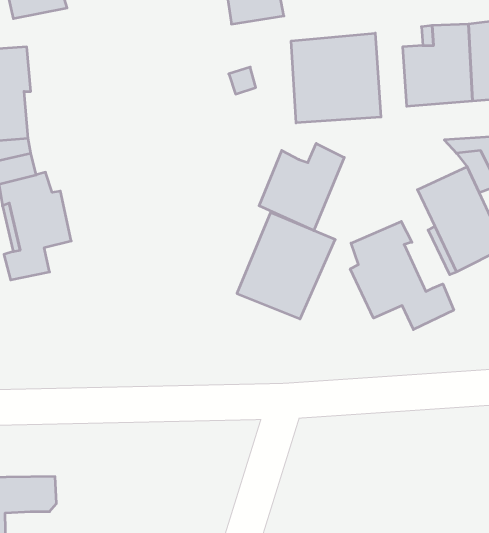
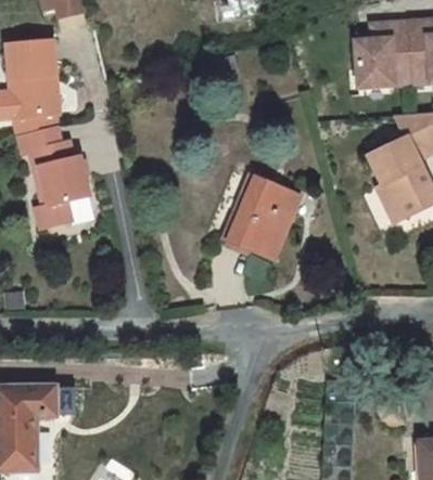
building: [291,33,381,123] -> none
building: [259,143,344,231] -> none
building: [350,221,454,330] -> none

